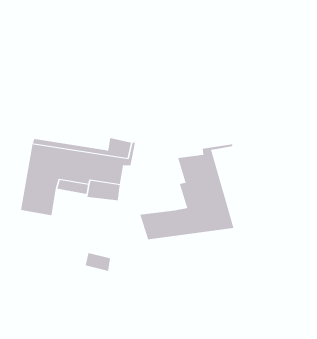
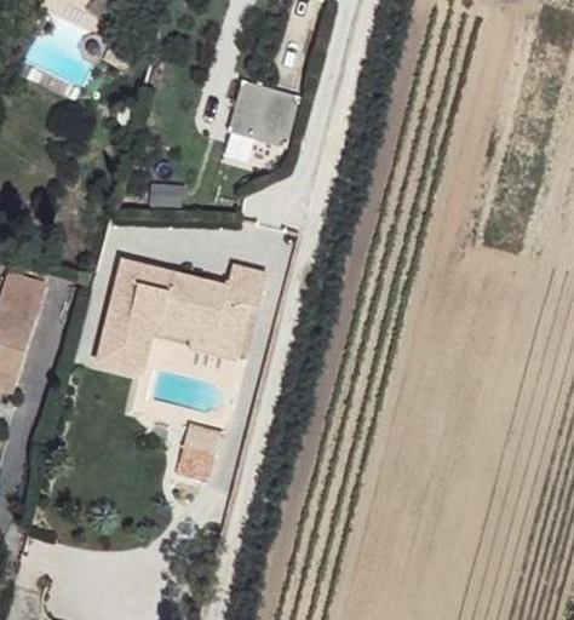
building: none -> [218,87,295,168]
building: [140,144,234,240] -> none

